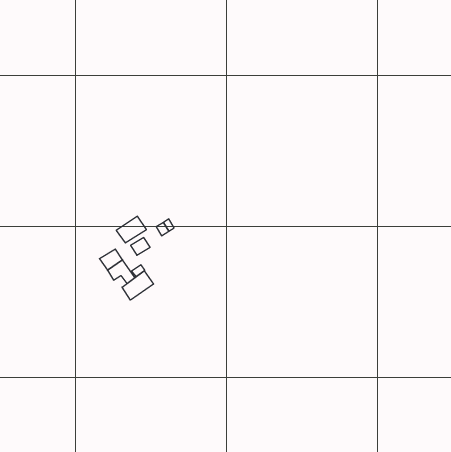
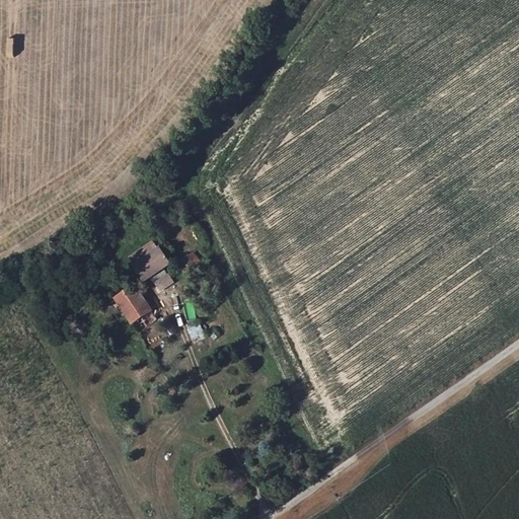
building: [122,271,154,300] -> none

